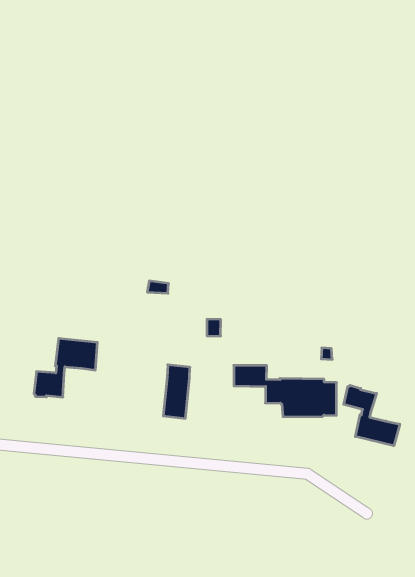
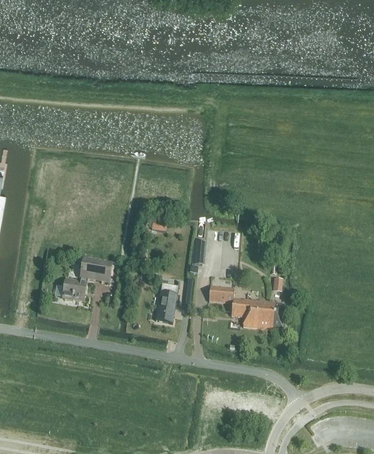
building: [344,385,400,446] -> none

